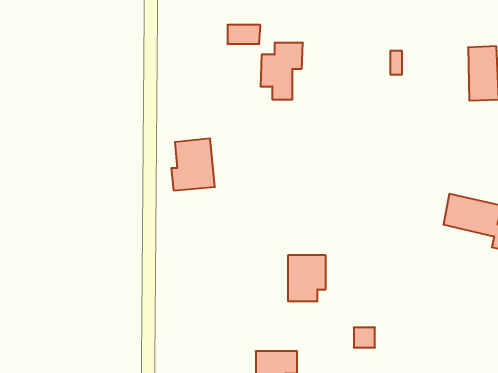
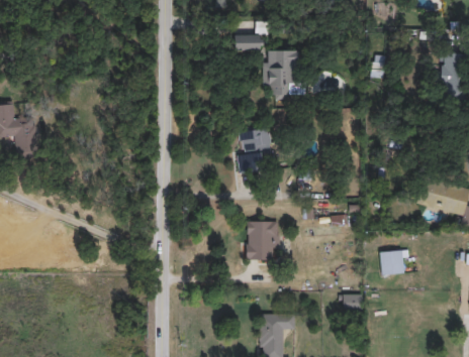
building: [171,139,215,190] -> [237,127,274,171]
building: [288,255,326,301] -> [247,220,279,259]
building: none -> [380,249,403,274]

